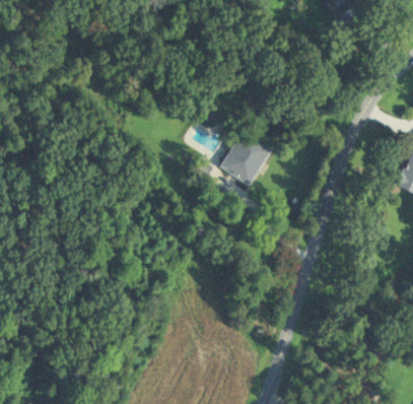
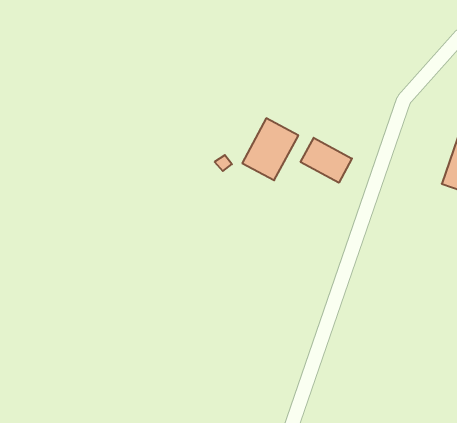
building: none -> [301,138,352,183]

